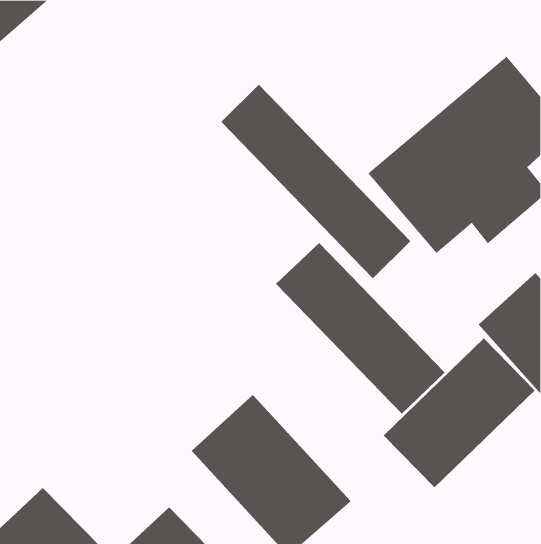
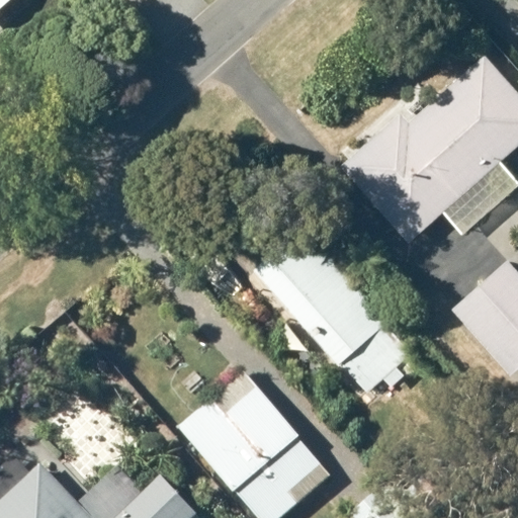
building: [220,84,411,279] -> none
building: [383,338,536,488] -> none

